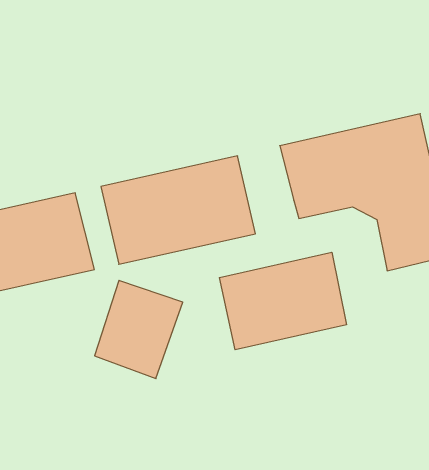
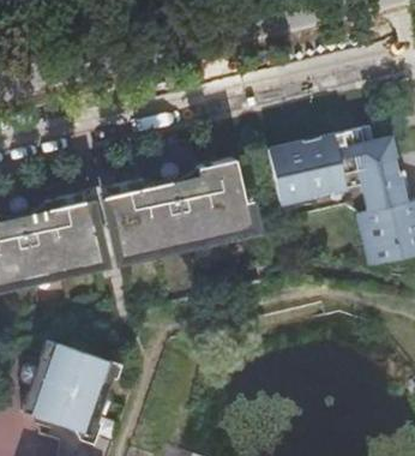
building: [219,252,346,350] -> none
building: [95,280,183,379] -> [23,344,106,437]

